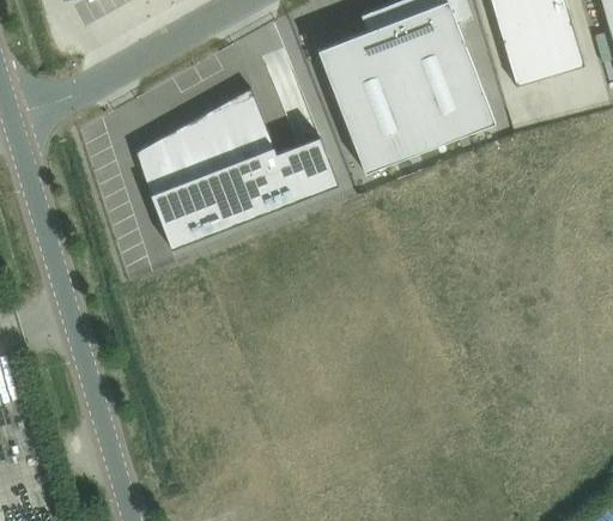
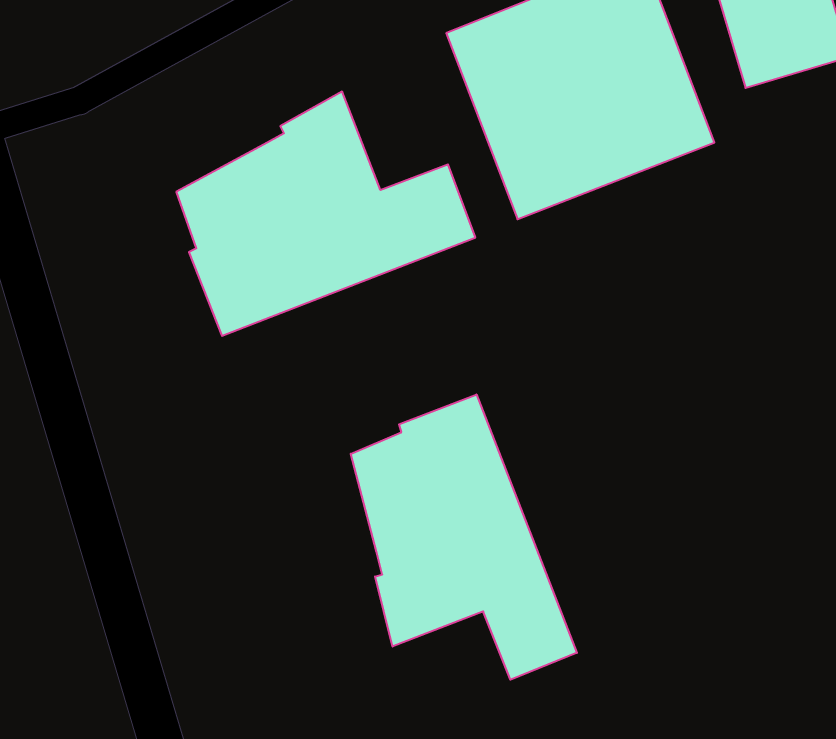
building: none -> [351,394,577,680]

